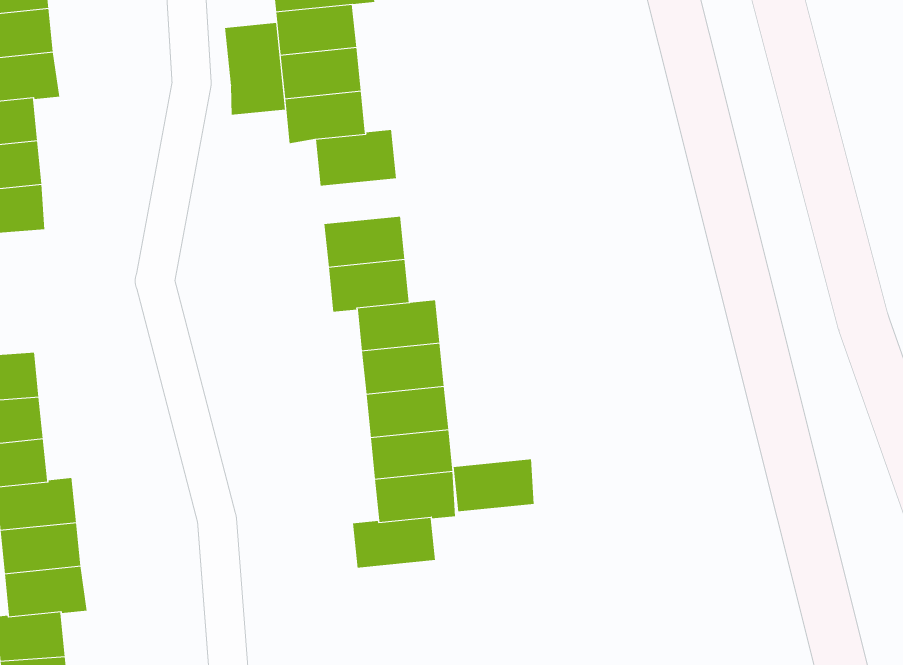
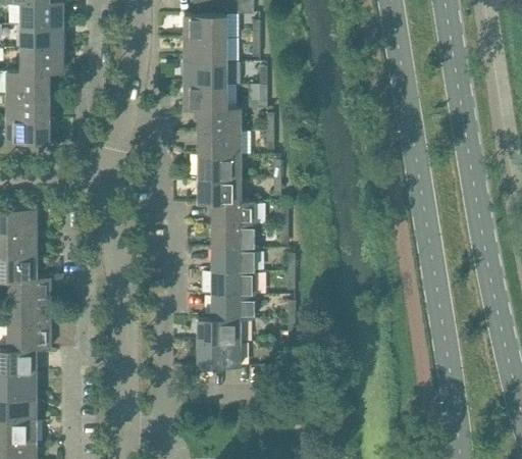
building: [225,22,285,116] -> none
building: none -> [198,136,240,156]
building: [453,459,534,512] -> [197,343,240,367]

